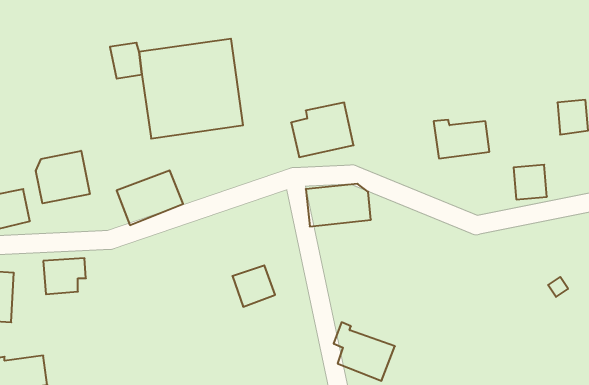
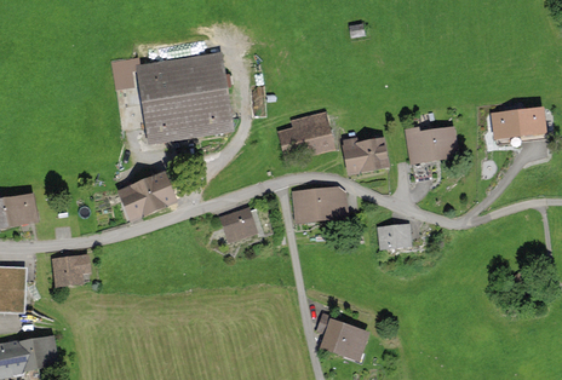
building: none -> [344,138,388,174]
building: [36,151,90,203] -> none
building: [514,165,547,199] -> [491,111,521,143]
building: none -> [378,224,411,249]
building: [232,265,275,307] -> [219,207,258,244]

